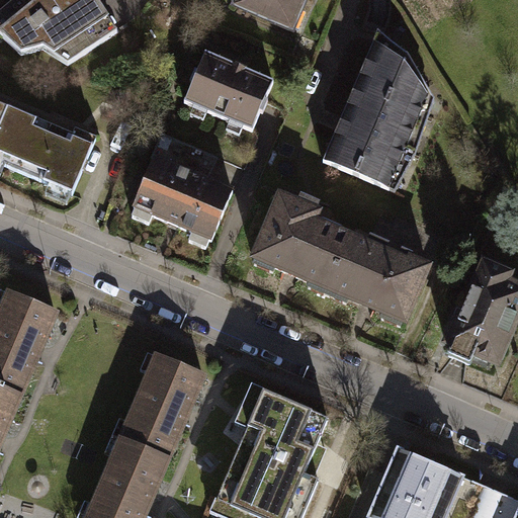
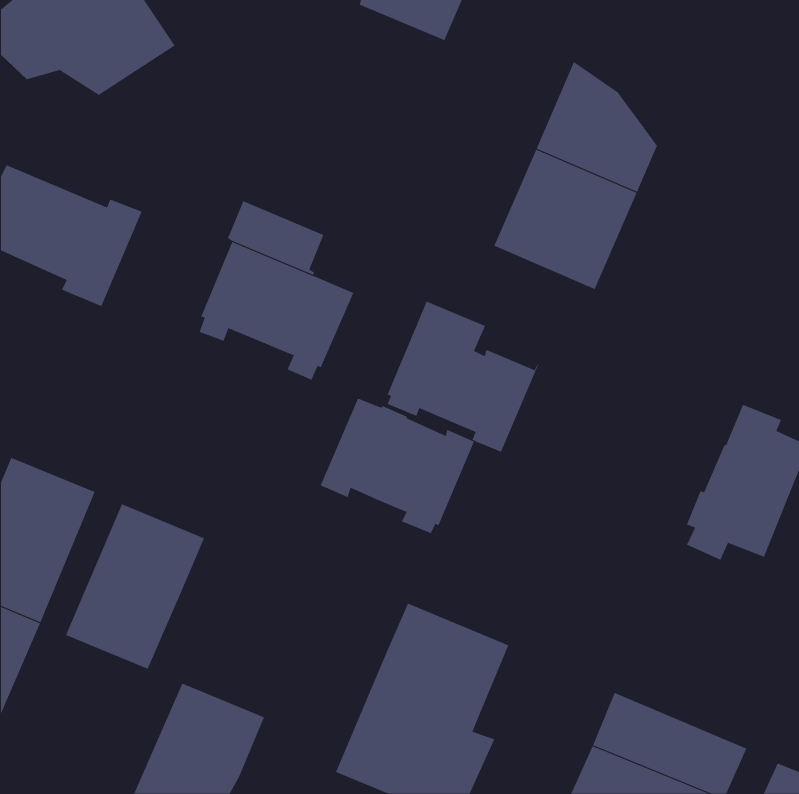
building: [181,50,270,128] -> none
building: [325,236,425,324] -> [320,398,475,534]
building: [118,356,208,463] -> [65,504,205,670]

